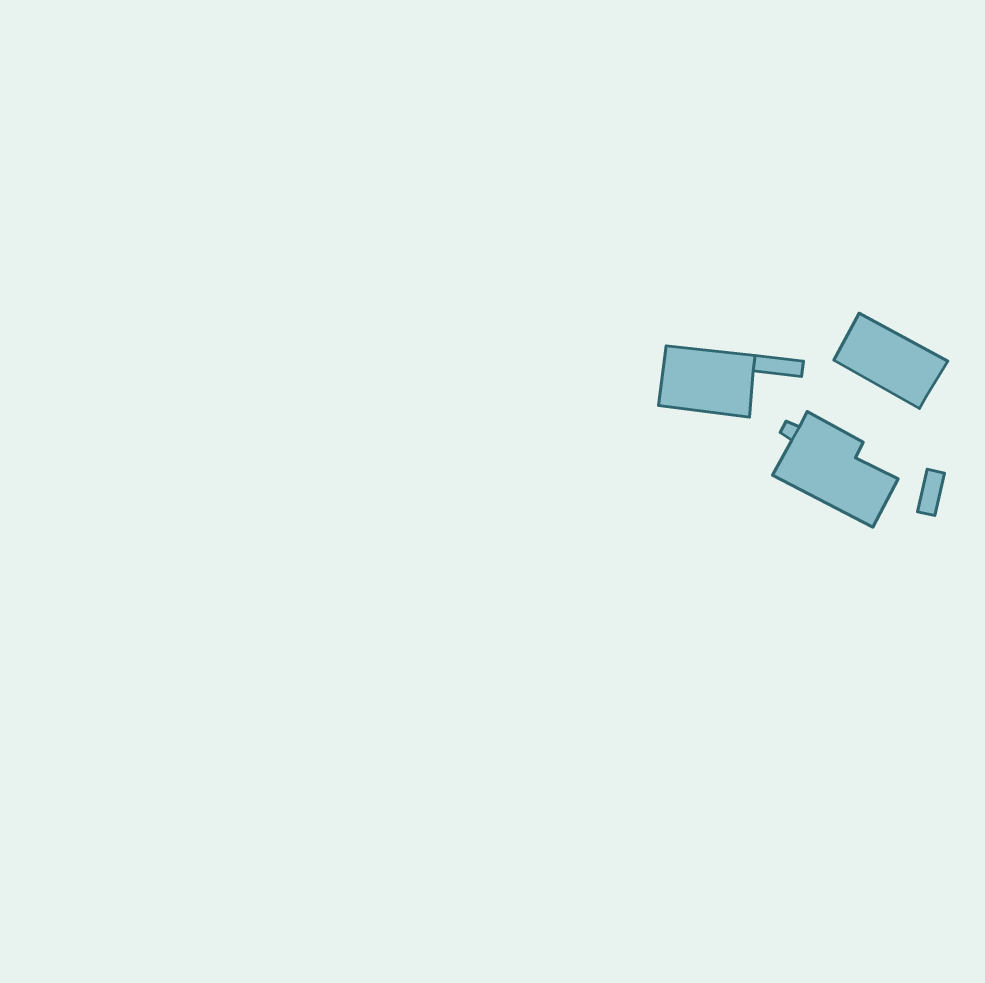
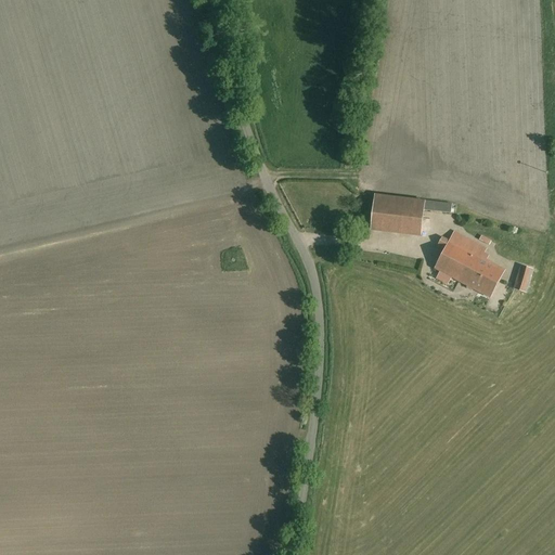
building: [834,313,948,408] -> none

